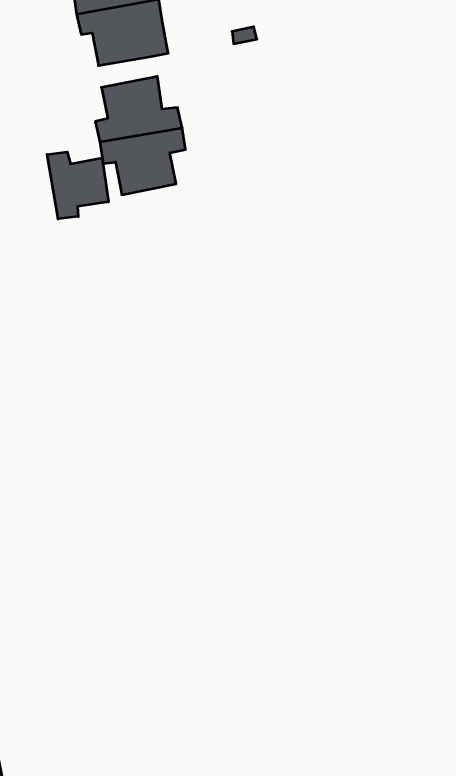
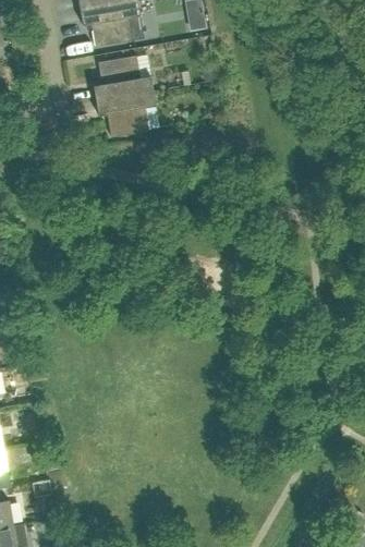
building: [47,152,108,219] -> none

